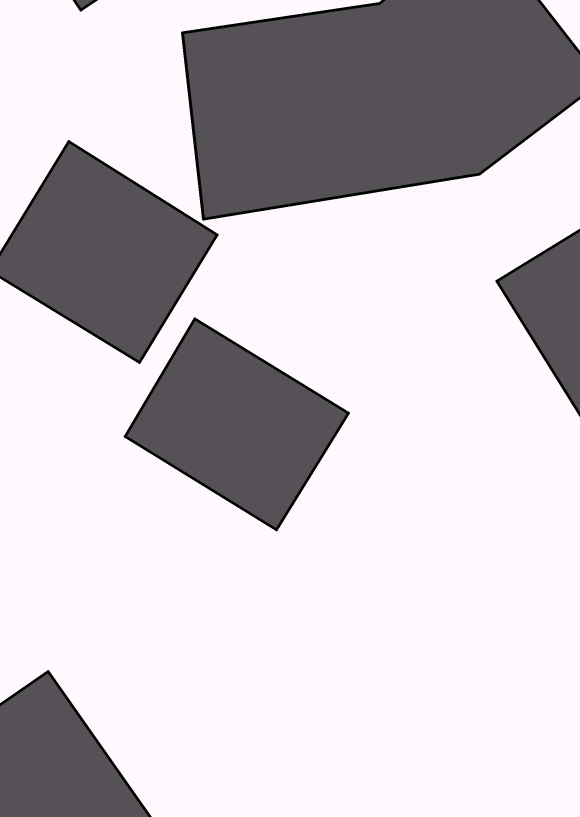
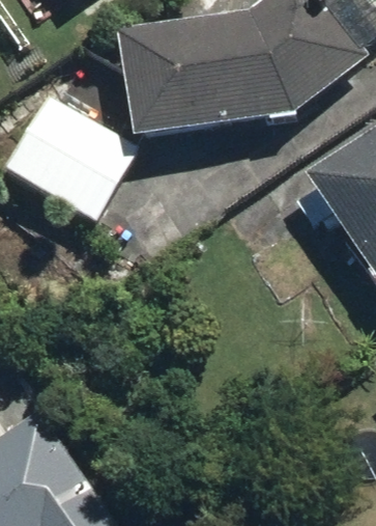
building: [125,319,349,530] -> none

